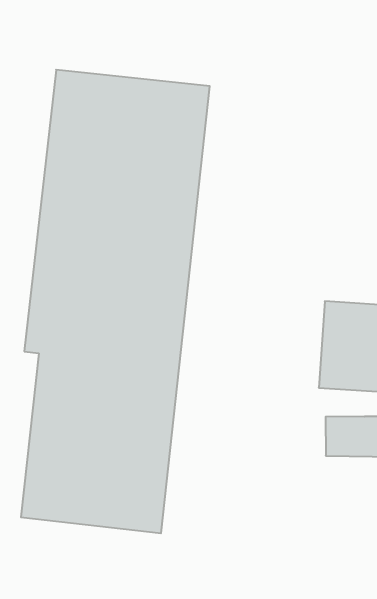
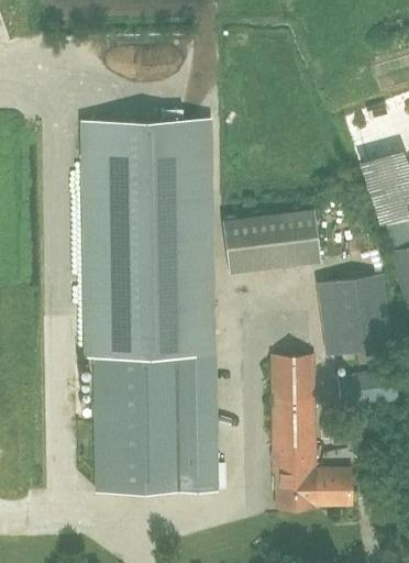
building: none -> [225,200,331,275]
building: none -> [269,355,350,509]

